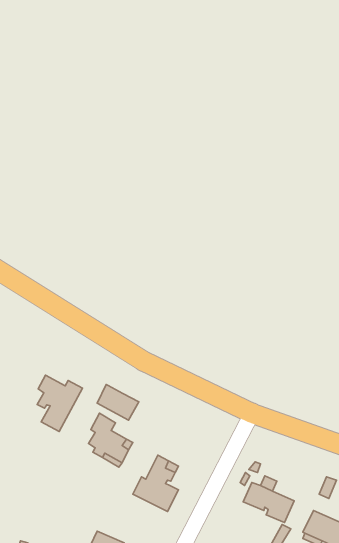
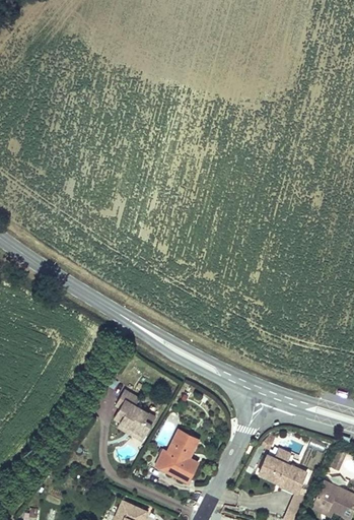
building: [37,375,83,432] -> none
building: [97,384,139,420] -> none

